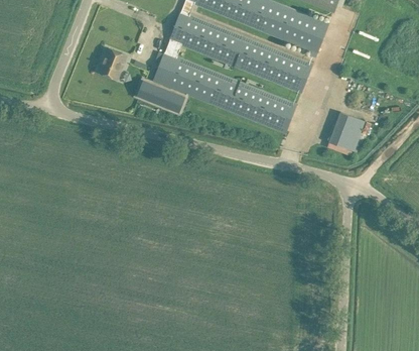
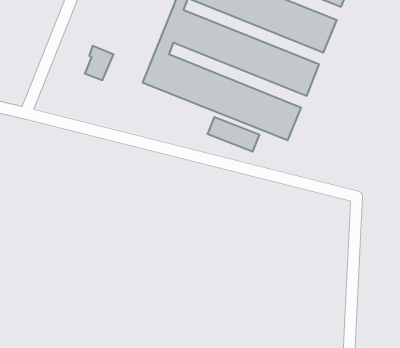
building: [138,81,185,112] -> [207,117,260,152]
building: [328,111,365,151] -> none

